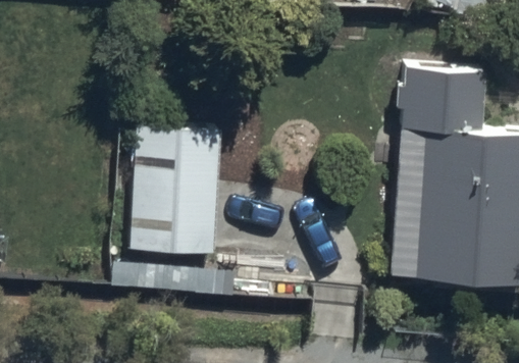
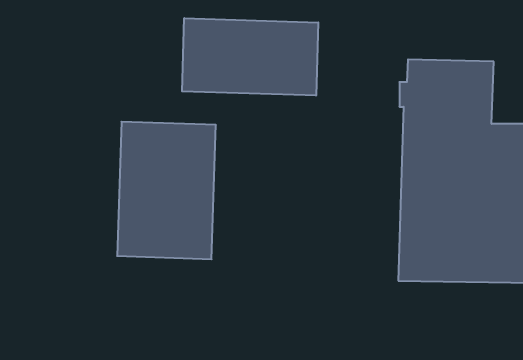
building: none -> [182,18,318,96]

